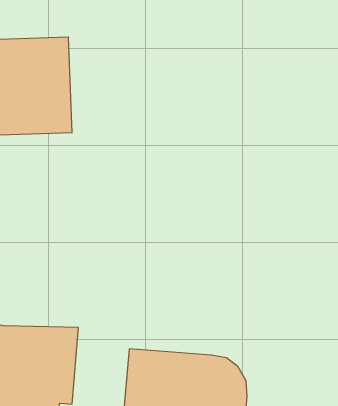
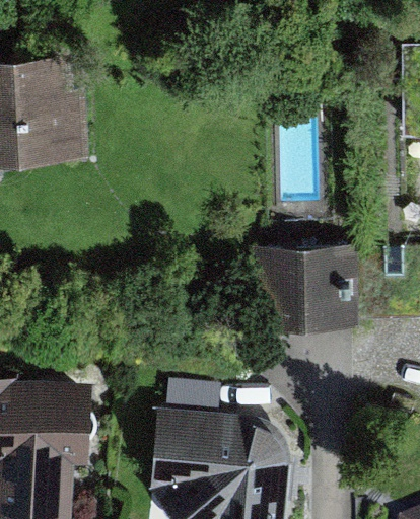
building: none -> [264,253,347,322]

